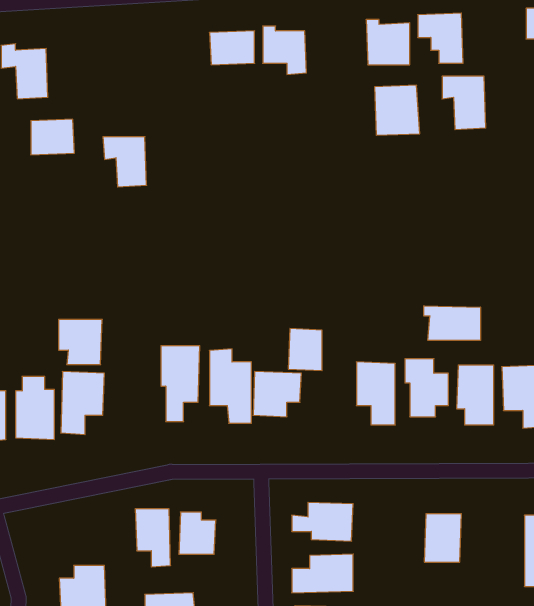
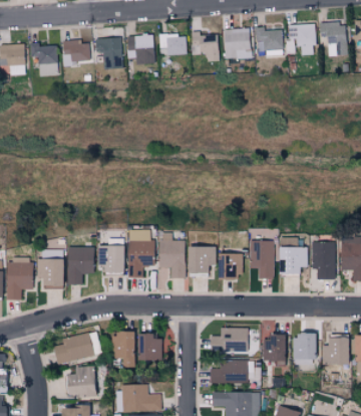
building: none -> [126,34,154,65]
building: [442,76,486,130] -> [320,23,347,56]
building: [375,85,420,135] -> [224,28,252,59]
building: [31,119,74,155] -> [62,41,89,63]
building: [103,137,147,187] -> [94,38,121,69]
building: [424,306,480,340] -> none
building: [59,319,102,365] -> [97,246,124,274]
building: [288,329,322,371] -> [221,253,242,279]
building: none -> [53,333,101,364]
building: none -> [262,337,284,364]
building: none -> [322,338,348,365]

